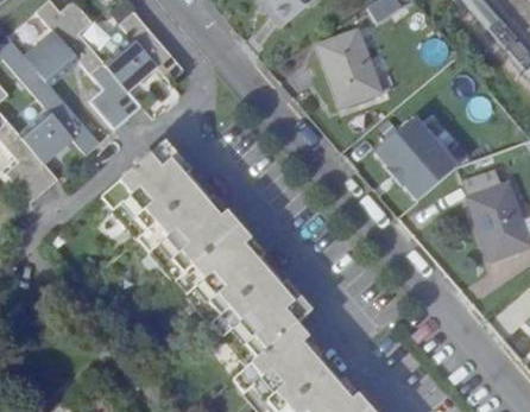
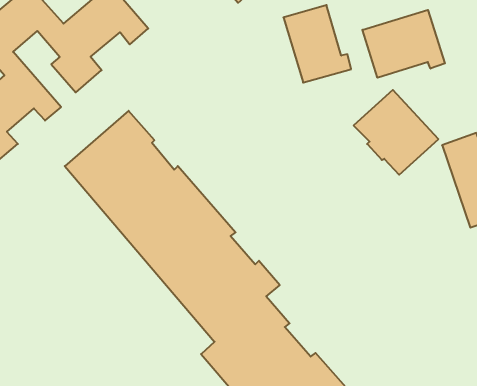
building: none -> [362,10,445,78]

